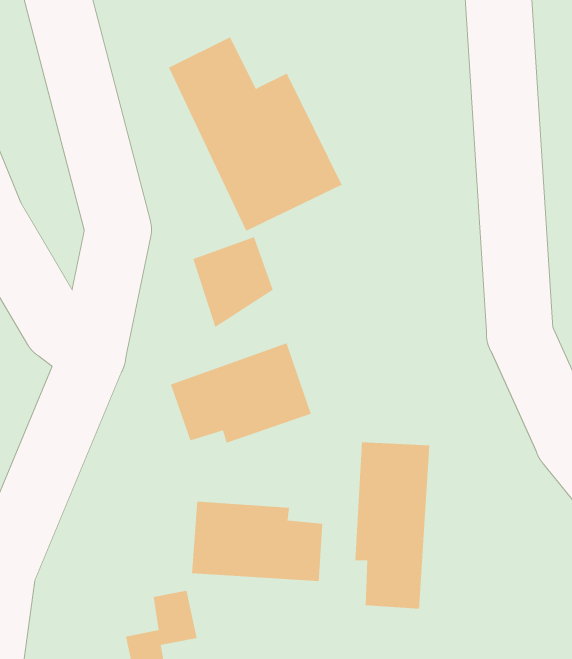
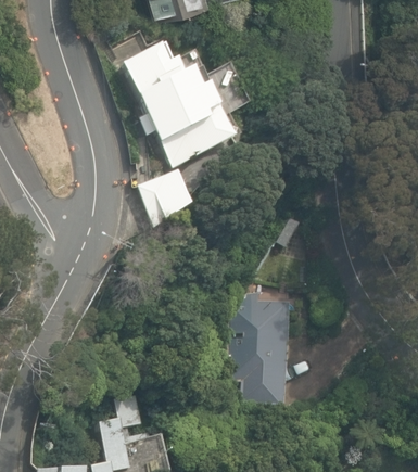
building: [170,343,311,444] -> none
building: [192,501,323,582] -> none

